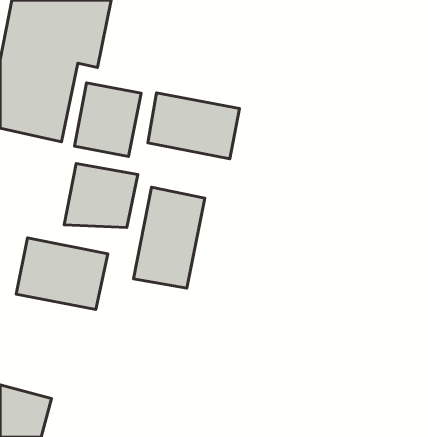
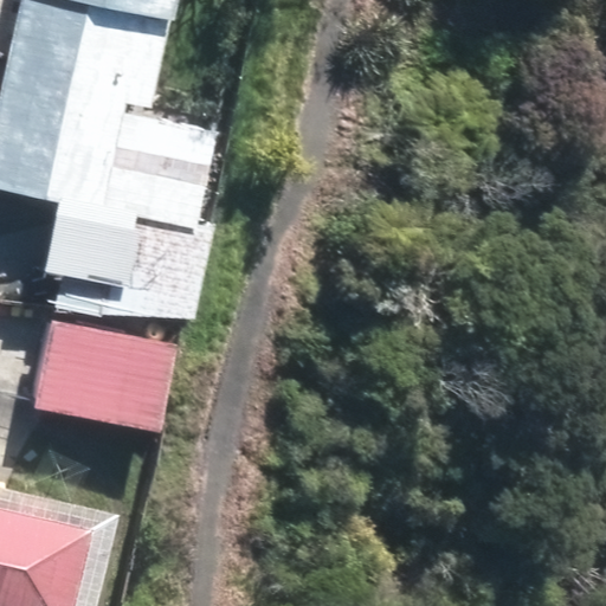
building: [148,93,240,159] -> none
building: [134,187,205,288] -> none

